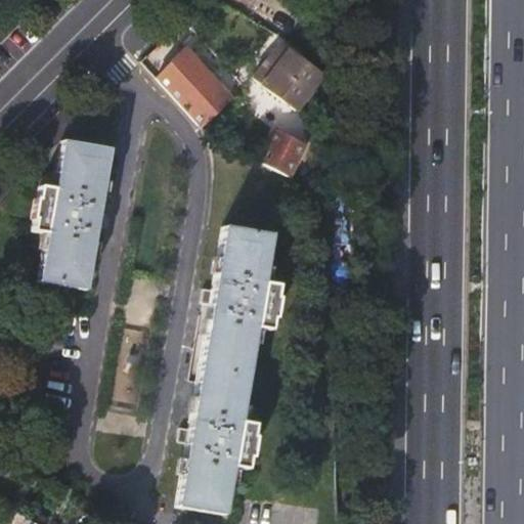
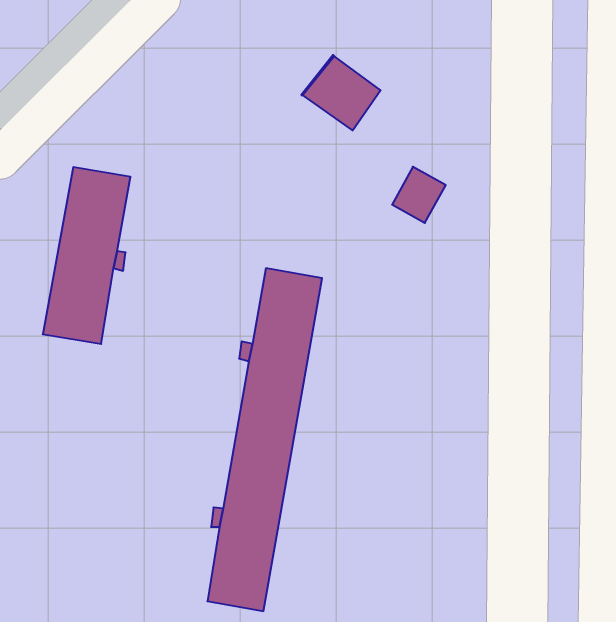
building: [162,55,231,126] -> none
building: [266,129,311,176] -> [392,167,446,223]

